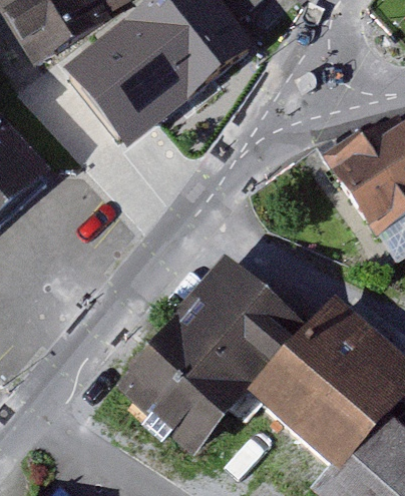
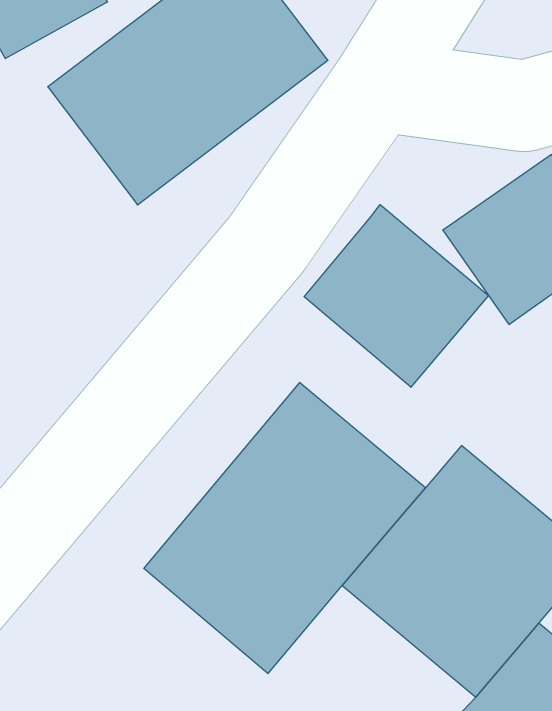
building: none -> [304,205,489,387]

